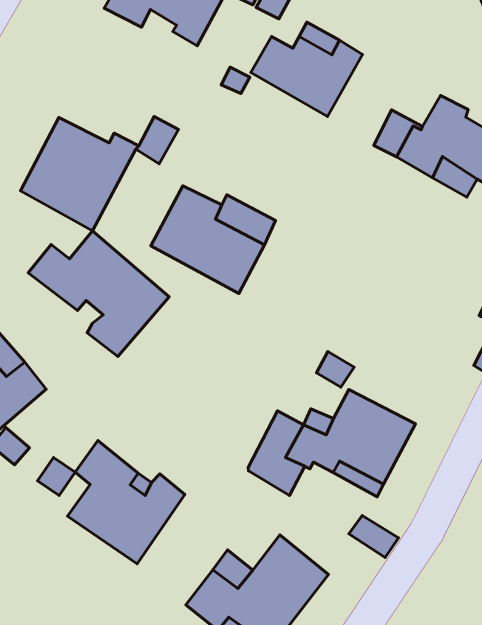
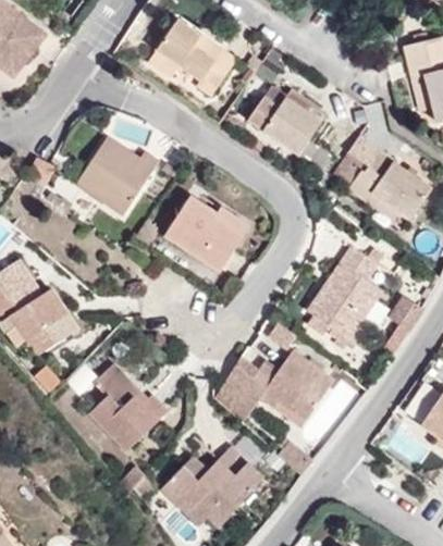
building: [28,231,169,356] -> none
building: none -> [303,243,384,340]

